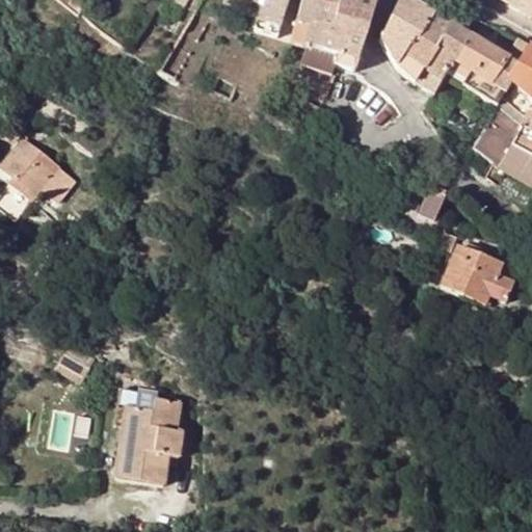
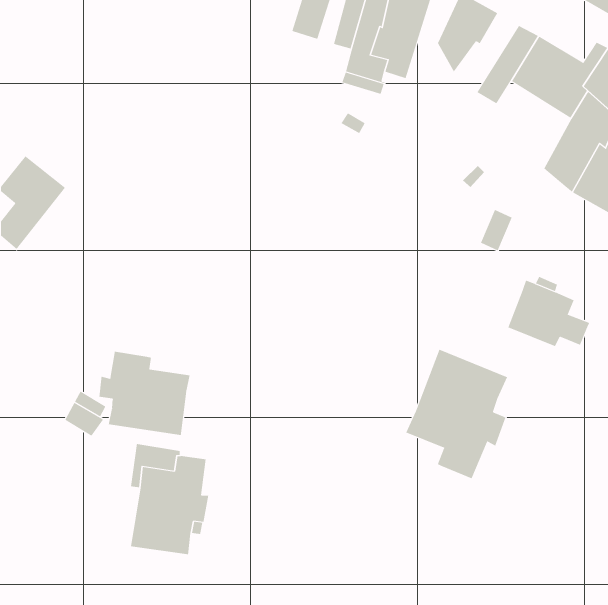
building: [397,11,453,80] -> none
building: none -> [406,349,508,479]
building: none -> [99,351,190,436]

